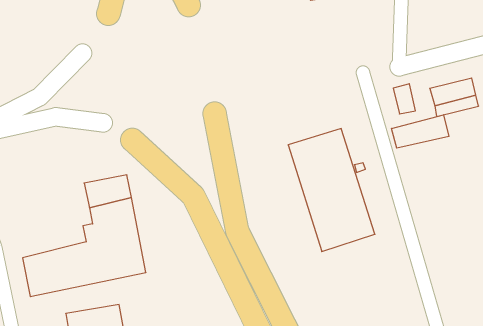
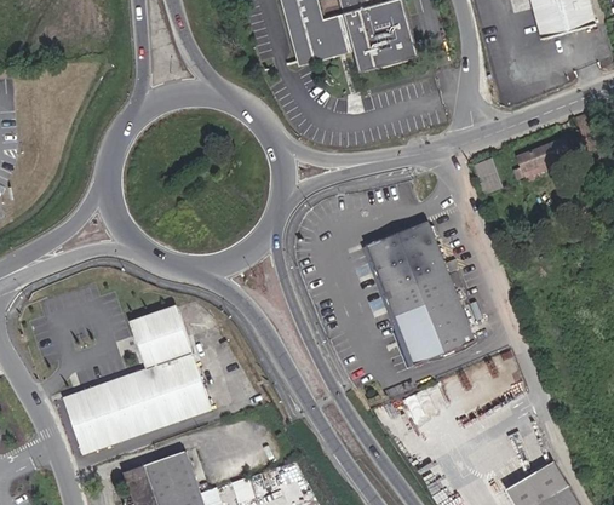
building: [392,115,449,148] -> none
building: none -> [58,367,137,413]

